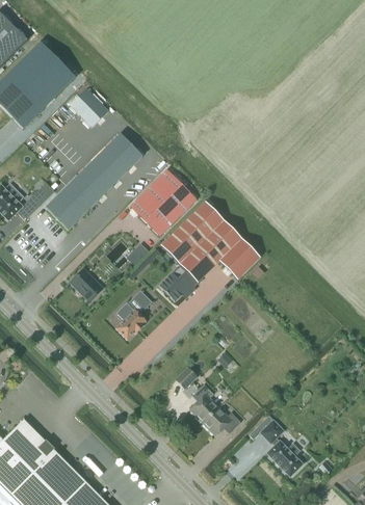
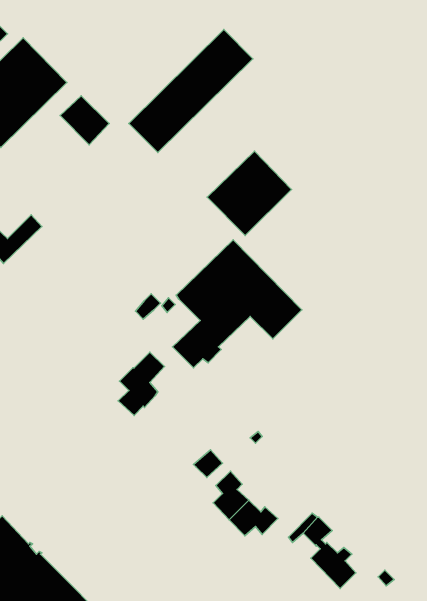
building: [45,133,142,230] -> [129,30,253,152]
building: [129,169,195,236] -> [207,151,292,236]
building: [70,268,102,301] -> none

